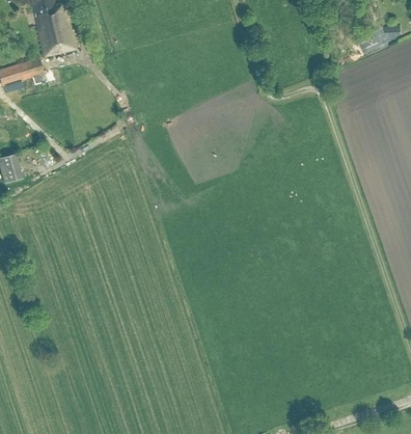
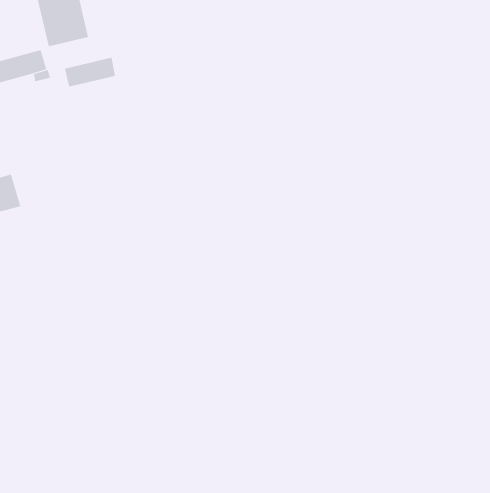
building: none -> [64,57,115,87]

